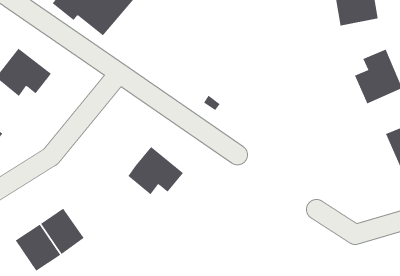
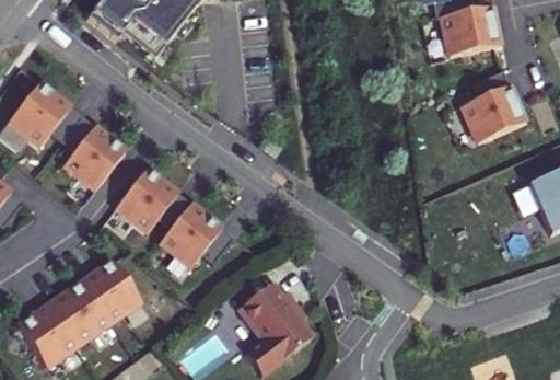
building: none -> [54,113,118,186]
building: none -> [129,172,203,235]
building: none -> [90,265,149,326]
building: none -> [226,280,301,360]

